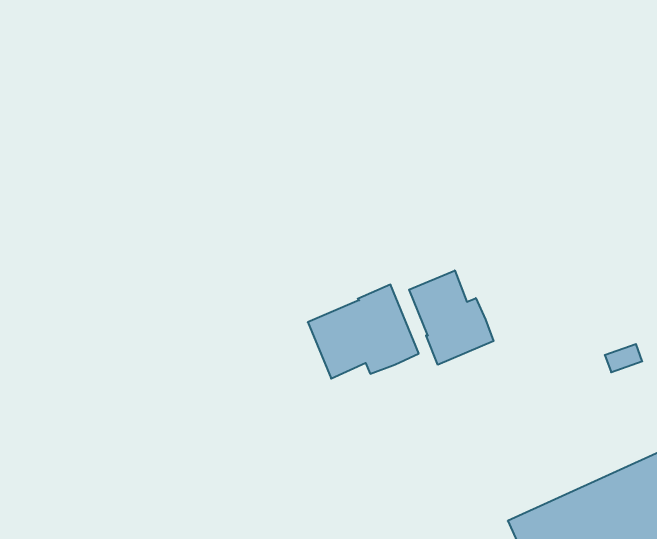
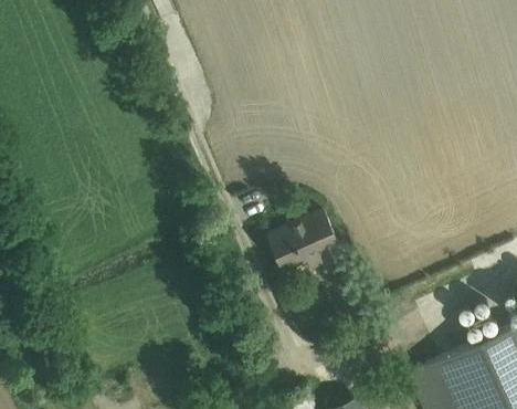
building: [409,270,494,365] -> none

